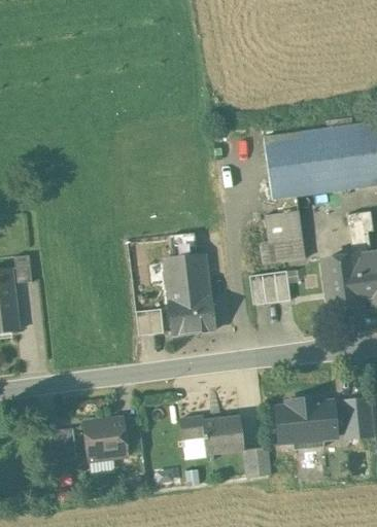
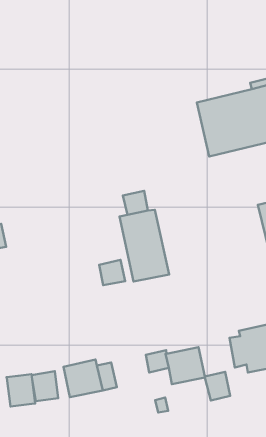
building: [261,210,305,264] -> none
building: [249,270,290,304] -> none
building: none -> [7,374,35,406]

